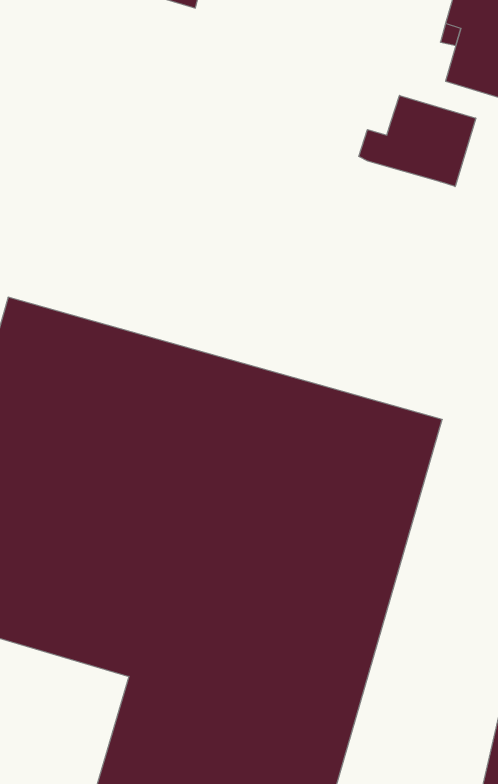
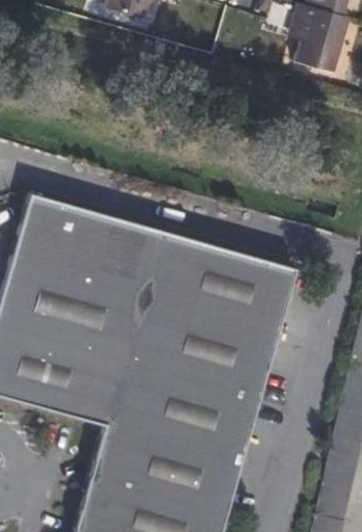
building: [359,95,476,187] -> none

